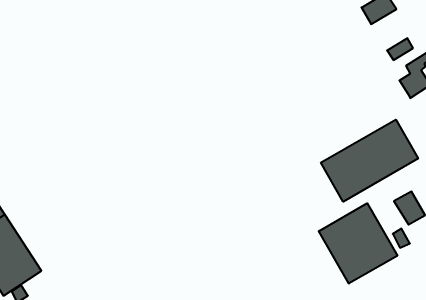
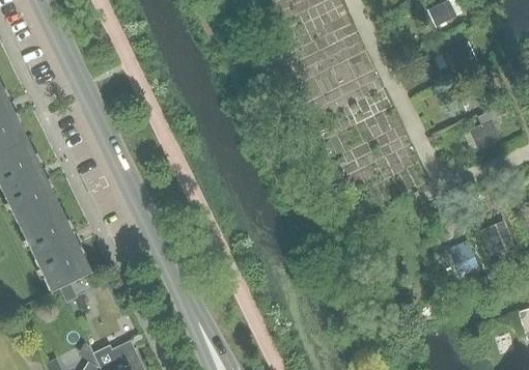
building: [321,120,418,202] -> none
building: [319,203,397,284] -> none

